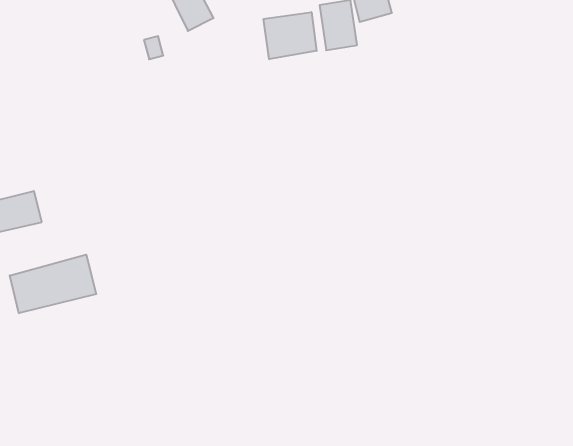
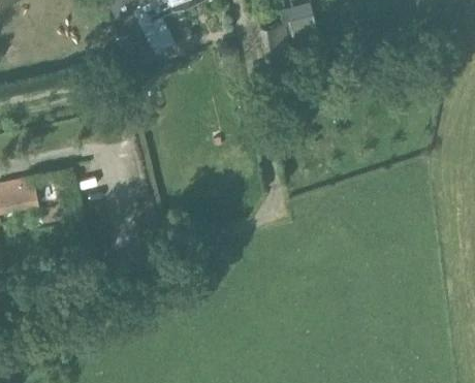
building: [264,12,317,59] -> none
building: [10,255,96,313] -> none

